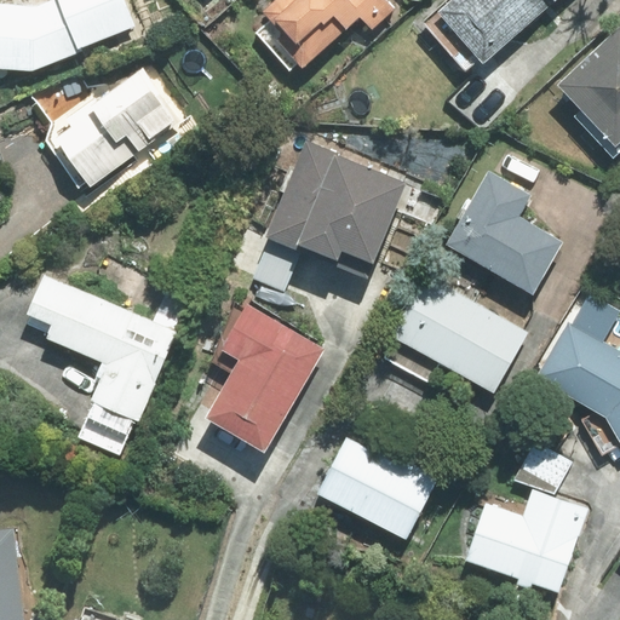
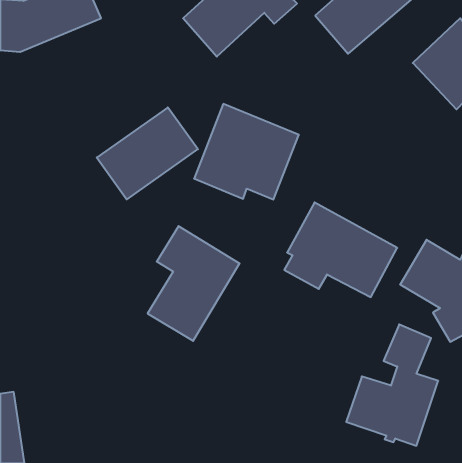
building: [46,67,180,189] -> [97,107,198,199]
building: [442,165,563,297] -> none
building: [24,275,189,455] -> none
building: [311,427,440,541] -> none

